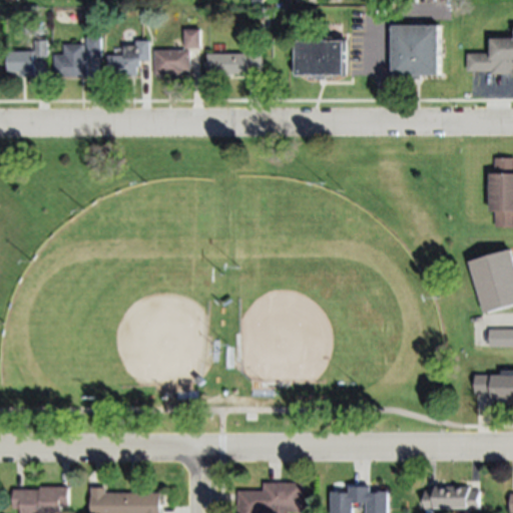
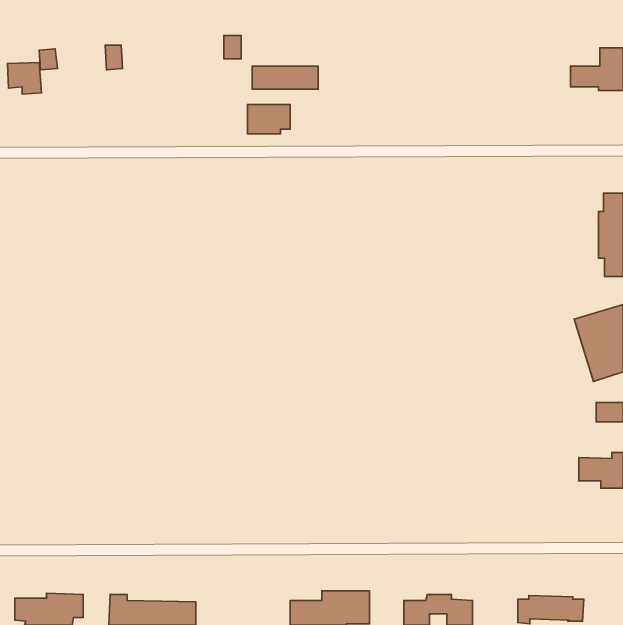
building: [393,26,438,75] -> none
building: [106,39,148,74] -> none
building: [297,41,345,75] -> none
building: [53,44,85,76] -> none
building: [153,51,188,75] -> [247,105,290,134]

